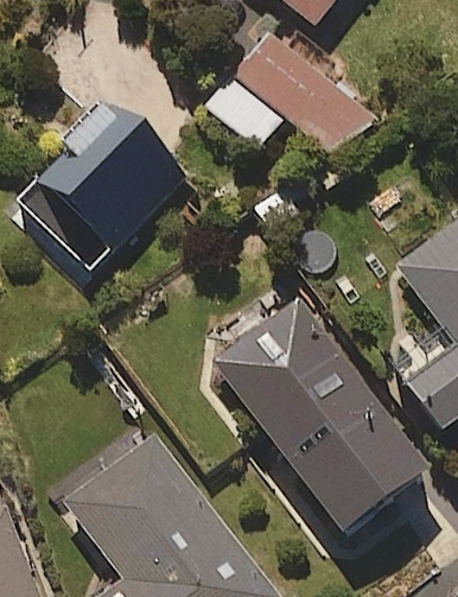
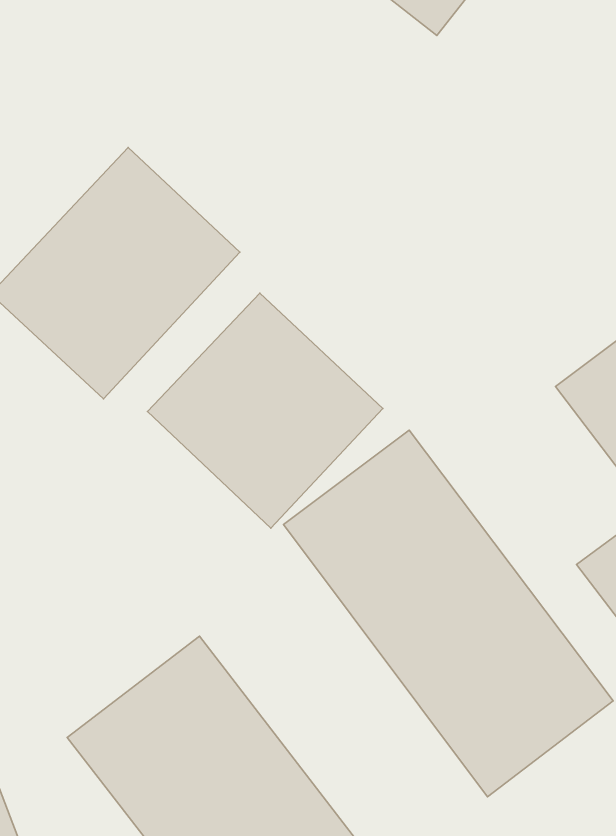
building: [206,28,371,155] -> none
building: none -> [148,293,383,528]

